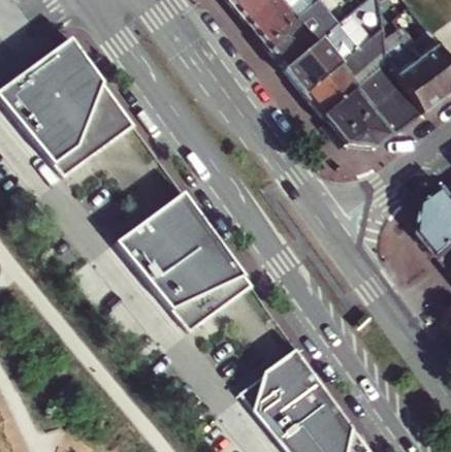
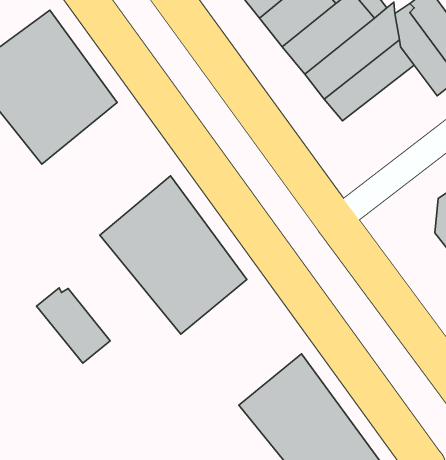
building: [337,86,423,148] -> none
building: none -> [36,288,110,363]

